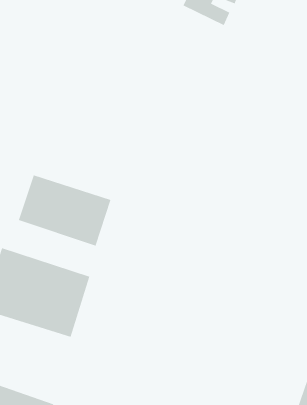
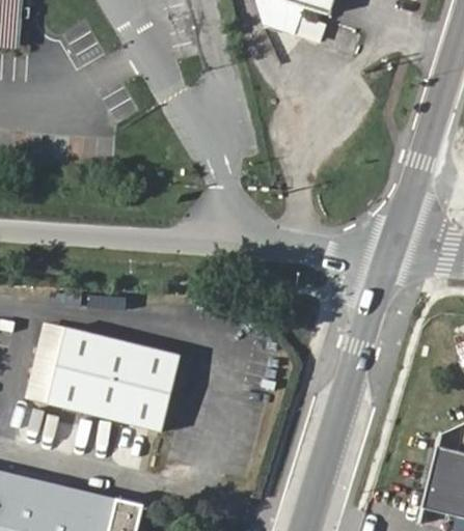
building: [18,174,111,246] -> none

